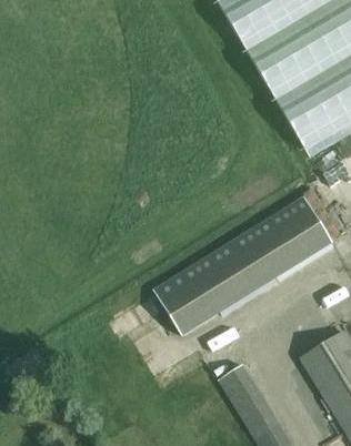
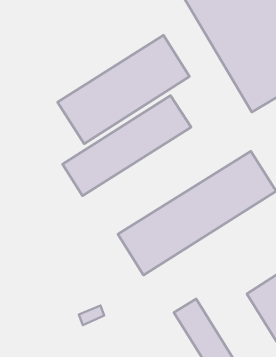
building: none -> [57,35,190,144]
building: none -> [63,95,191,196]

